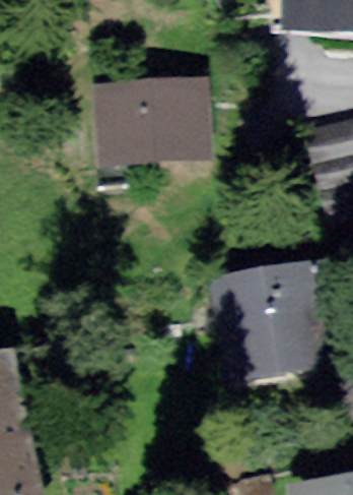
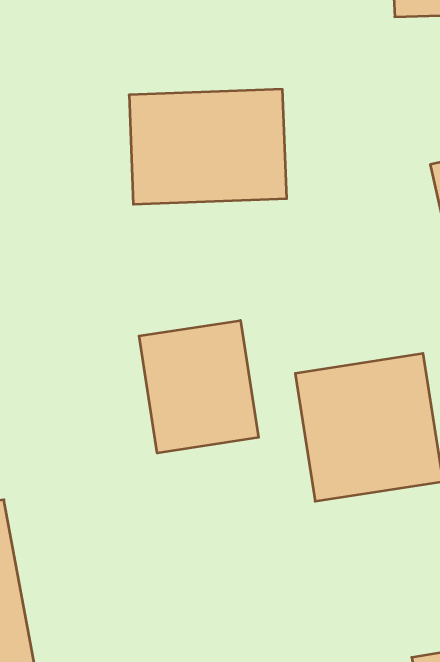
building: none -> [139,320,259,453]

